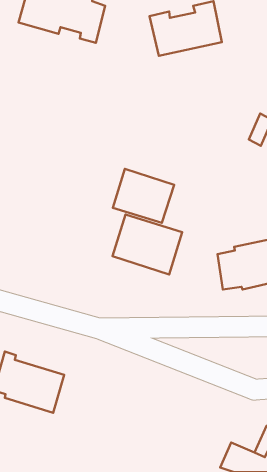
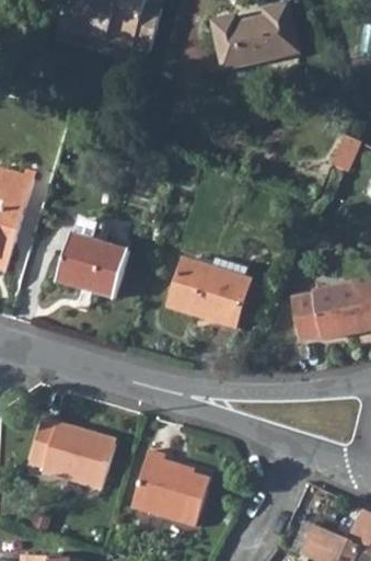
building: [113,169,174,223] -> [57,231,129,295]
building: none -> [128,453,206,529]

